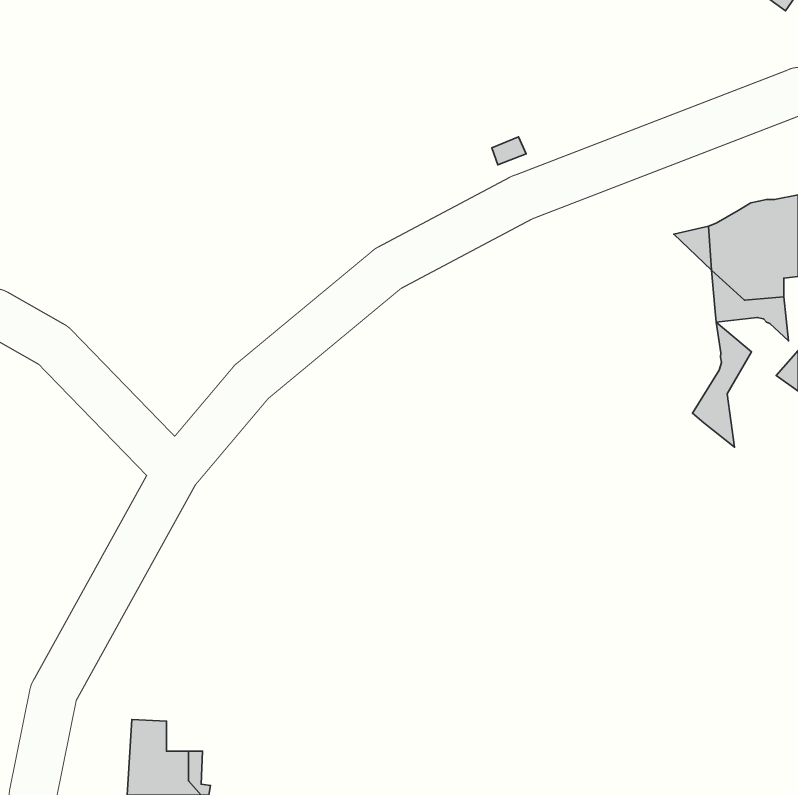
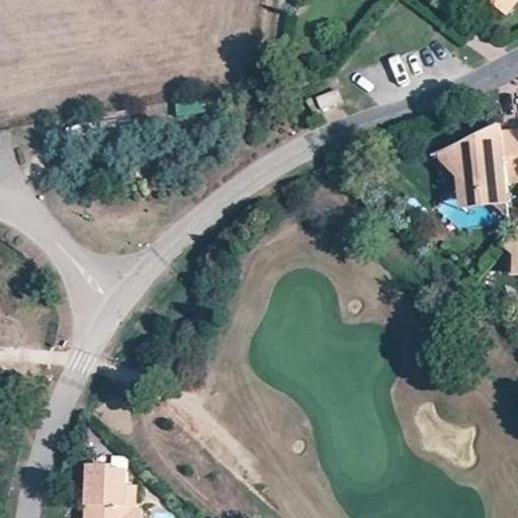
building: [693,322,752,447] -> none

